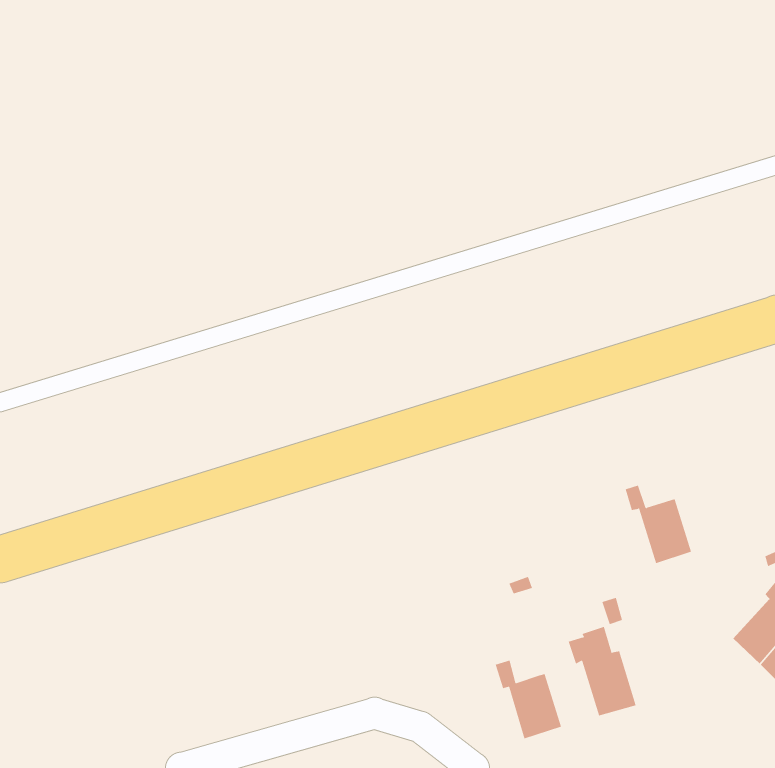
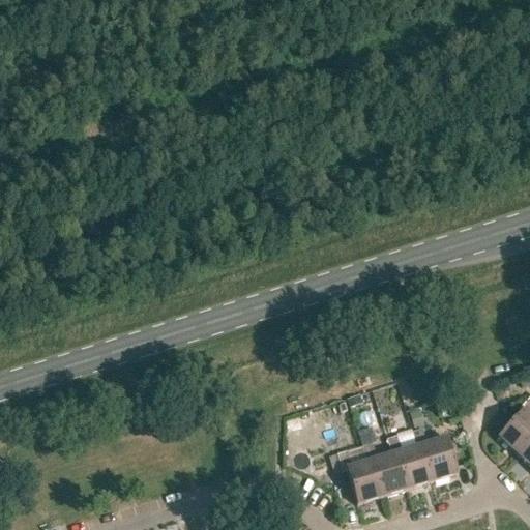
building: [625,485,692,564] -> [414,425,460,479]
building: none -> [363,440,409,494]

